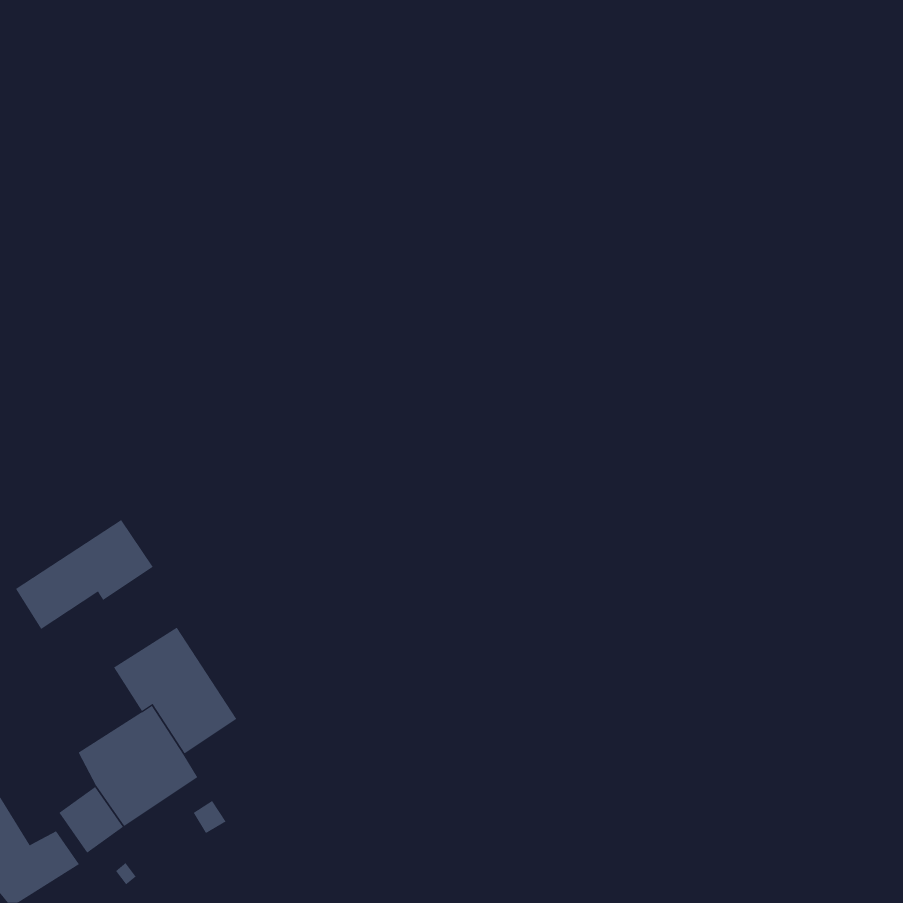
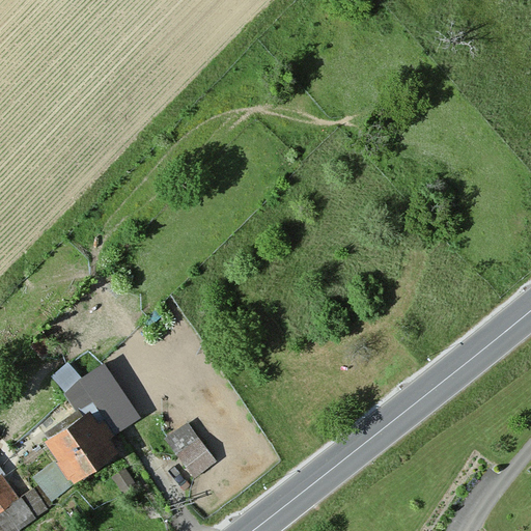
building: [15,519,154,630] -> none
building: none -> [165,422,214,476]

